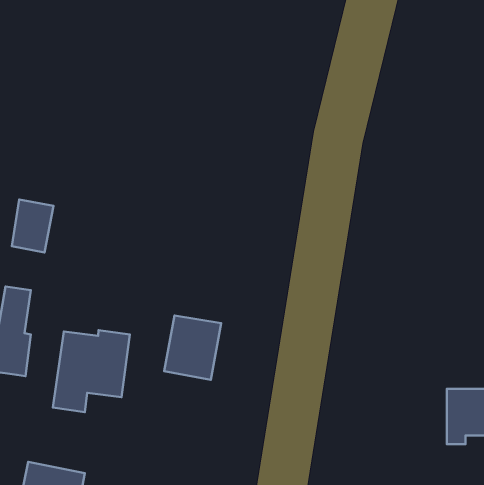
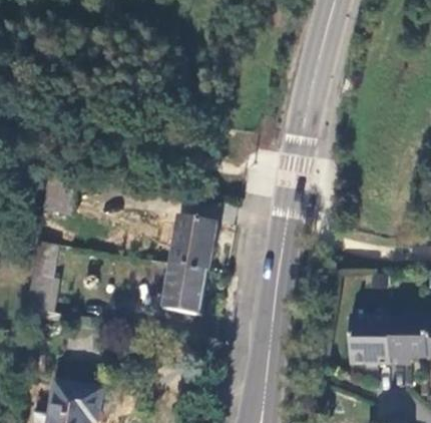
building: none -> [172,216,218,269]
building: [53,330,130,412] -> none
building: none -> [348,317,389,365]

